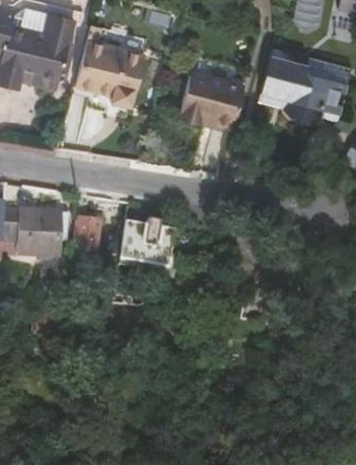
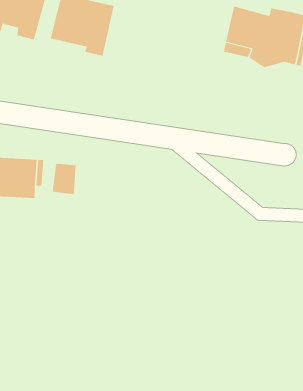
building: [181,69,244,128] -> none
building: [120,222,174,270] -> none

